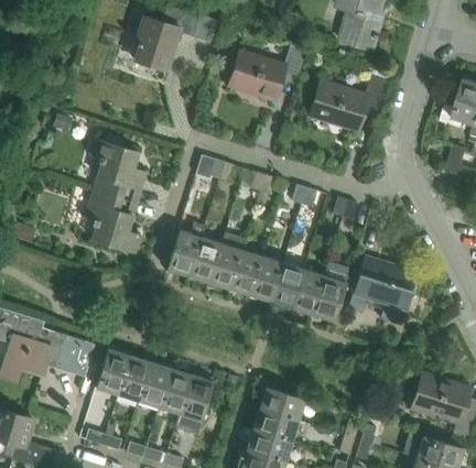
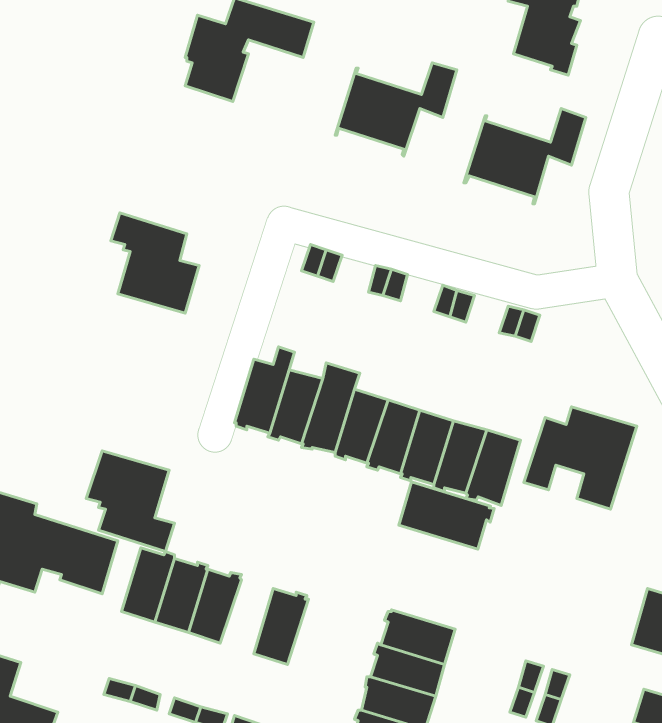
building: [84,189,139,252] -> [86,451,174,551]
building: none -> [399,482,494,549]
building: [158,368,191,414] -> none

